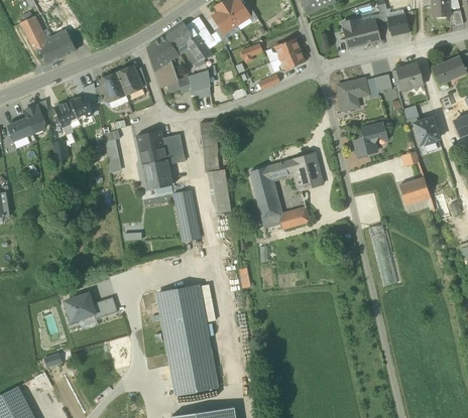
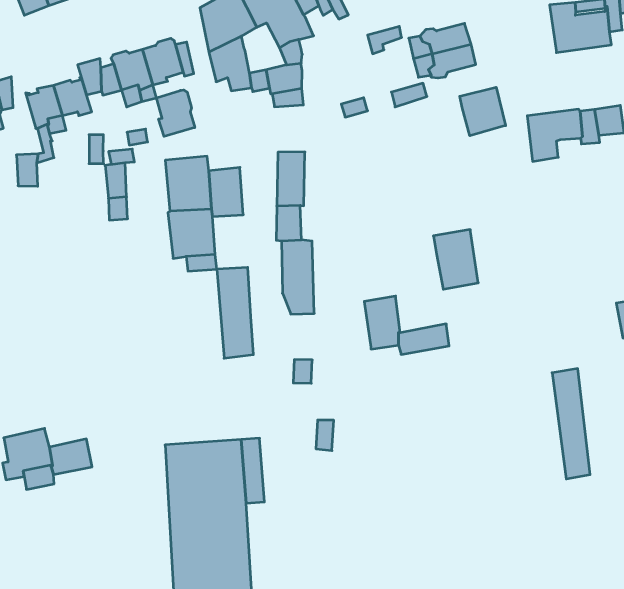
building: none -> [460,87,506,136]
building: none -> [157,90,195,136]
building: [354,123,385,156] -> none
building: [249,159,296,200] -> none

